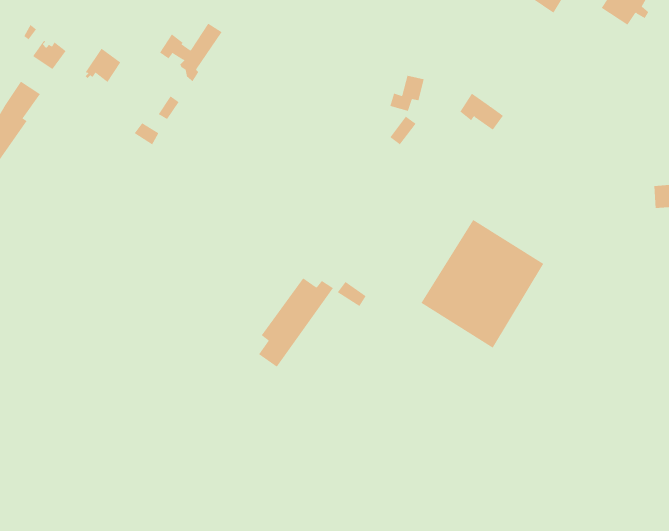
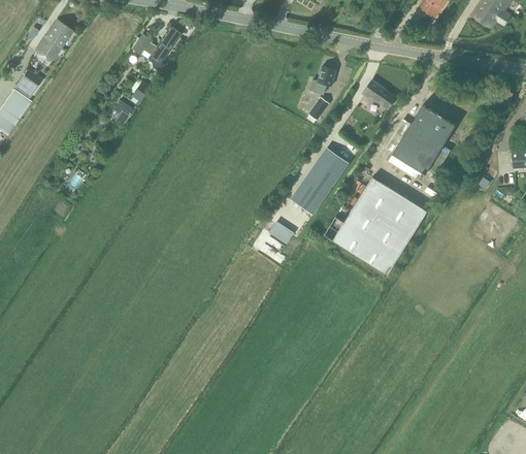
building: [85,48,121,83] -> [43,21,71,47]
building: none -> [385,104,456,183]
building: [258,277,334,368] -> [293,150,351,219]

